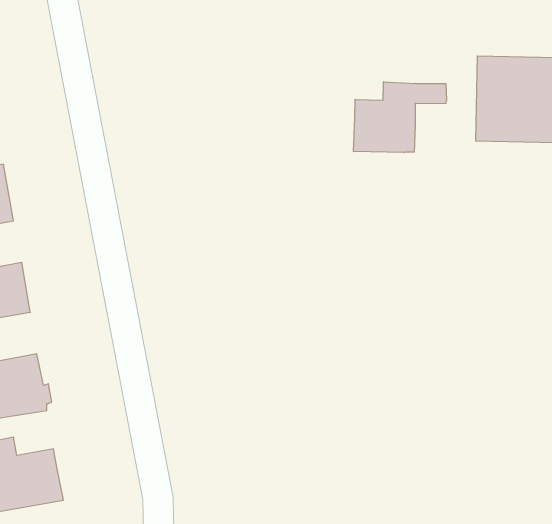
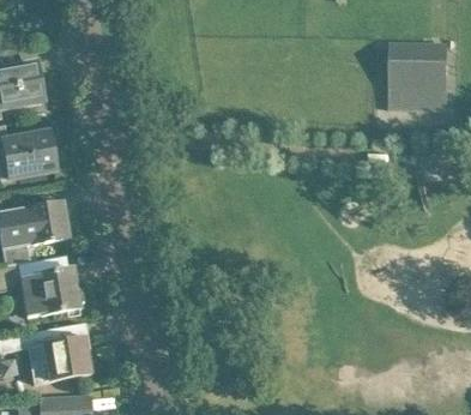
building: [354,82,446,153] -> none

